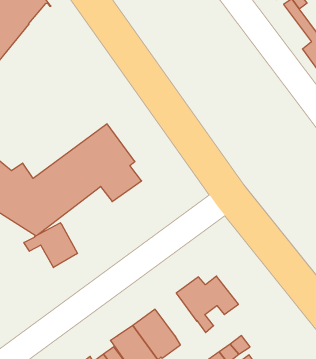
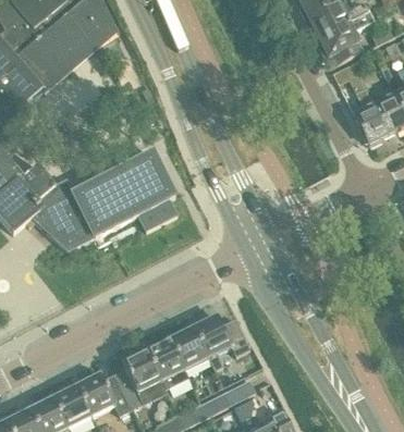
building: [24,223,77,268] -> none
building: none -> [170,326,208,368]

